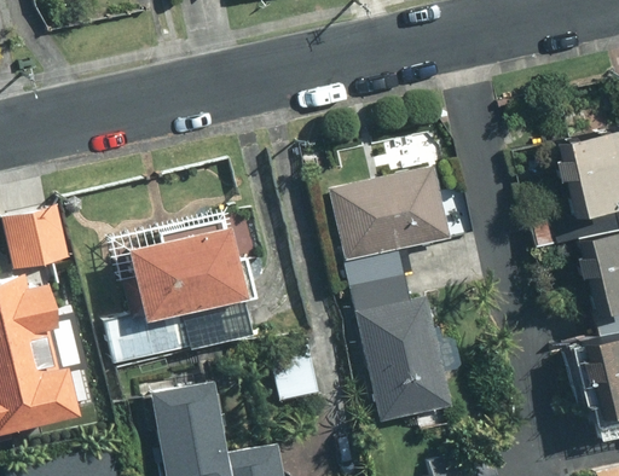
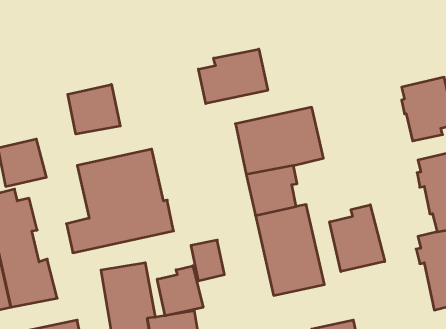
building: none -> [198,49,268,104]
building: none -> [68,84,120,134]
building: none -> [330,205,385,272]
building: none -> [157,266,203,316]

